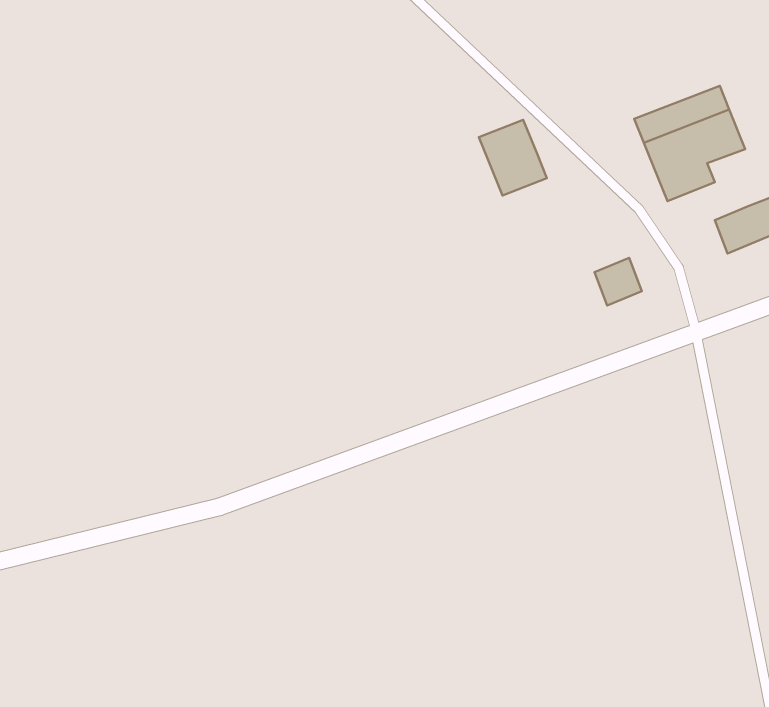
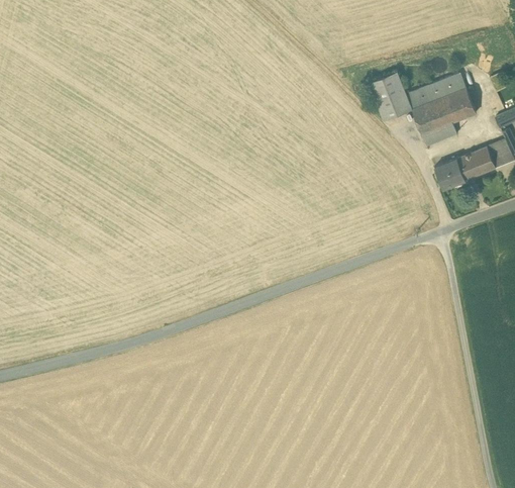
building: [479,120,547,196] -> [369,72,412,120]
building: [594,258,642,305] -> [435,159,466,189]

